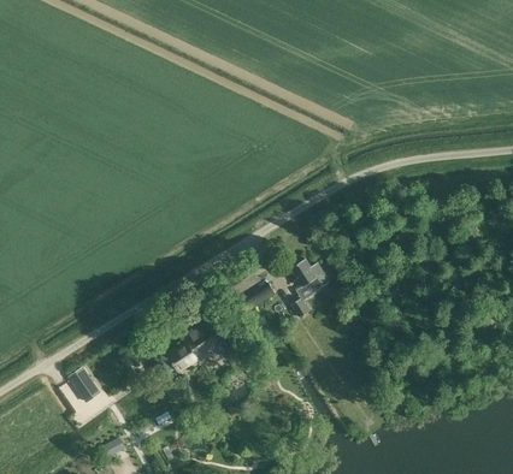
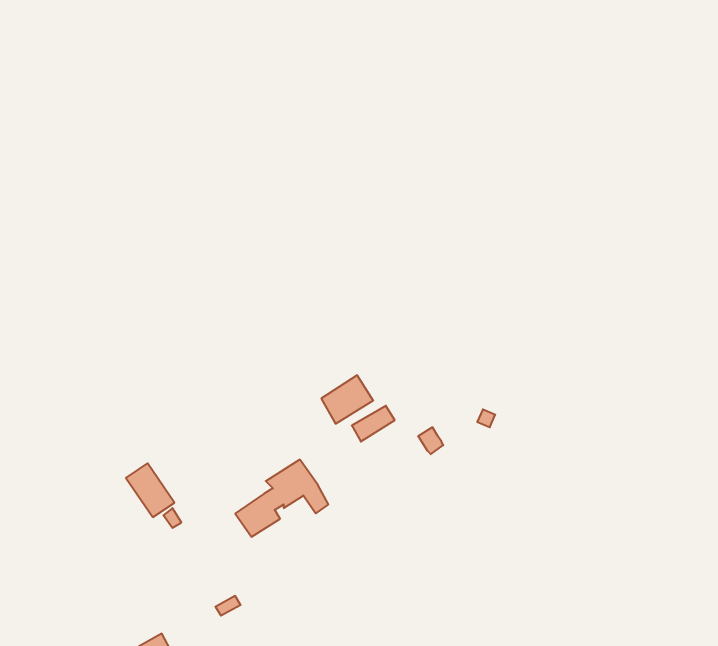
building: [290,260,329,292] -> none
building: [67,368,100,404] -> [126,463,174,517]

